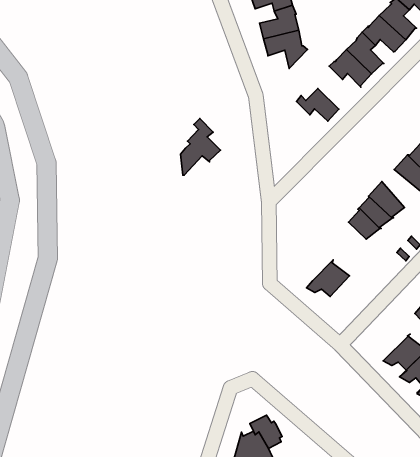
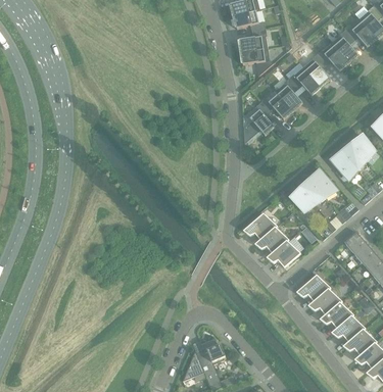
building: none -> [275,77,302,110]
building: [181,119,220,175] -> [243,101,274,143]
building: none -> [243,212,277,239]
building: none -> [266,238,300,266]
building: none -> [296,275,330,305]

